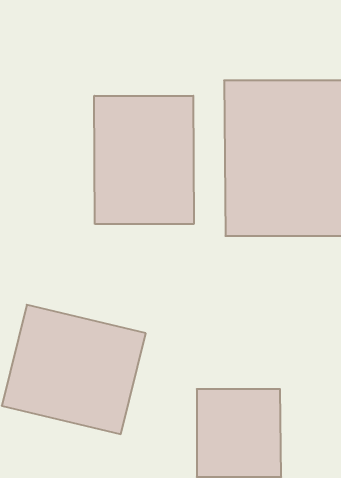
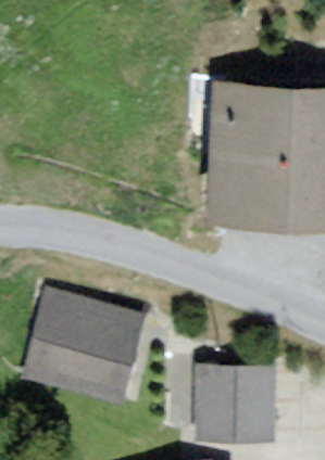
building: [94,96,194,224] -> none

